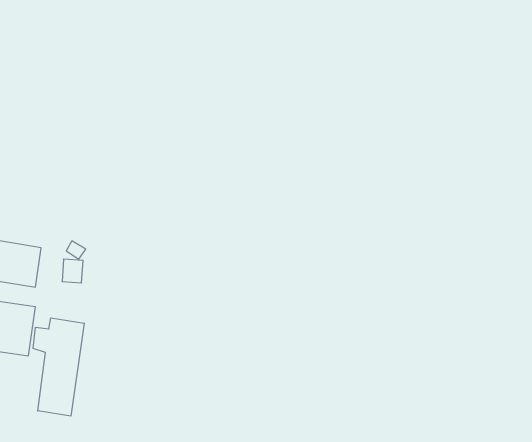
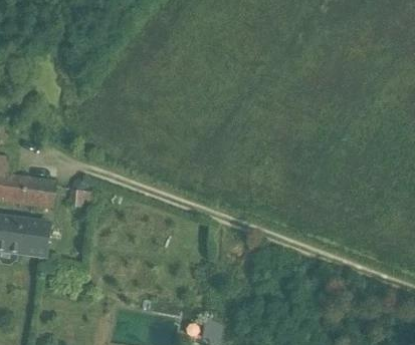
building: [33,318,84,416] -> none

